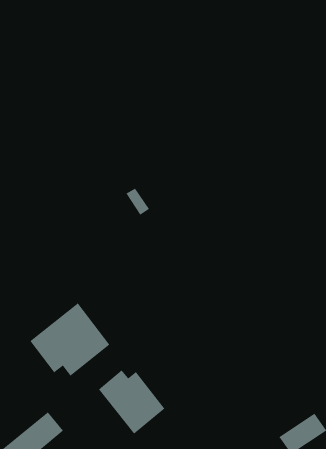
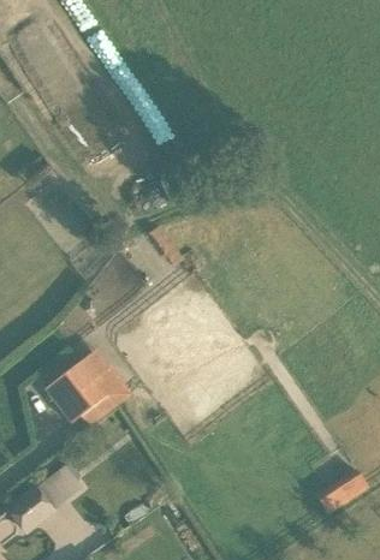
building: [98,369,165,435] -> none

